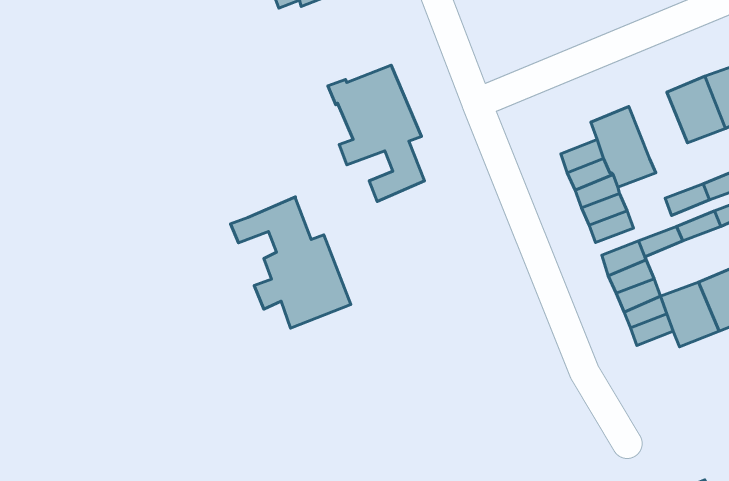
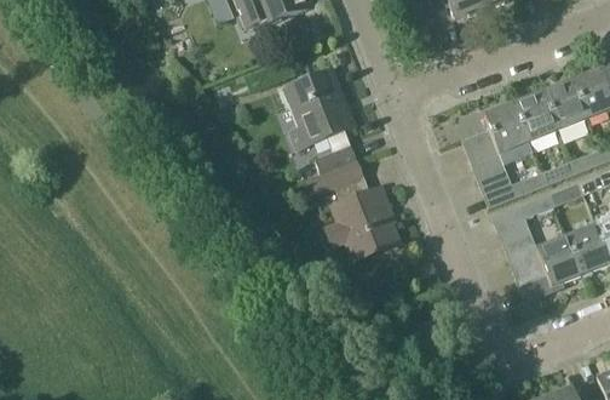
building: none -> [513,91,558,142]
building: [230,197,351,328] -> [307,159,399,259]

